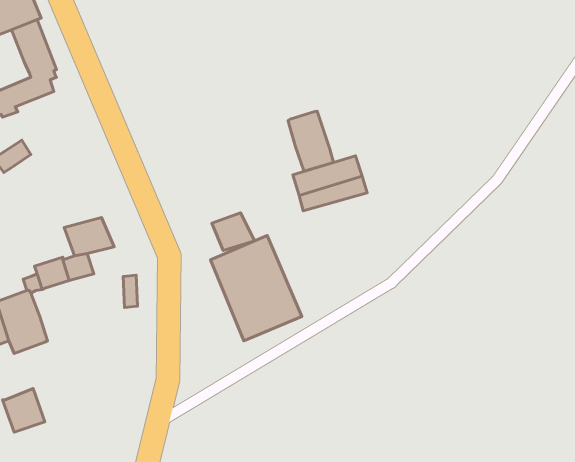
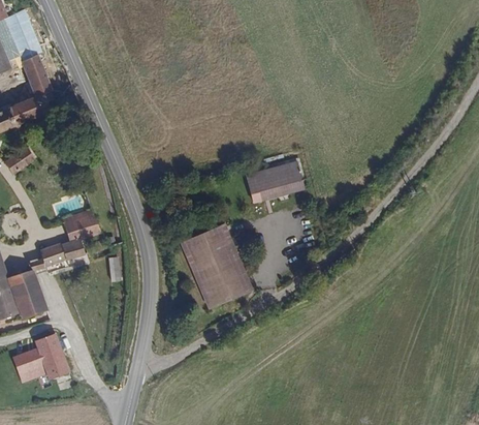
building: [288,111,333,171] -> none
building: [212,213,255,250] -> none
building: none -> [34,332,69,380]

